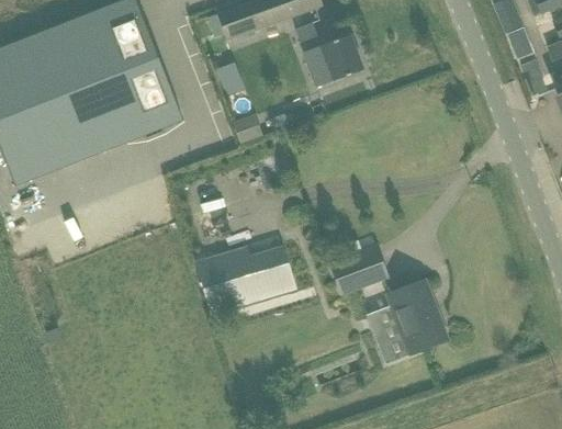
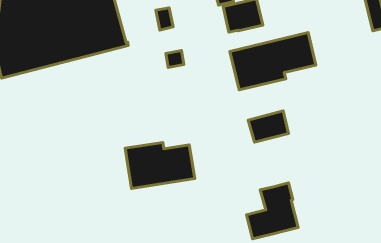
building: none -> [230,33,316,90]
building: [330,246,387,293] -> [248,111,289,142]

